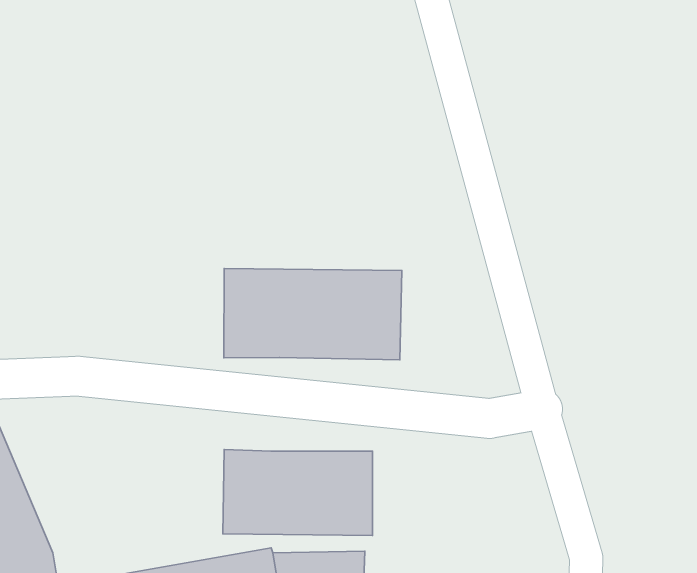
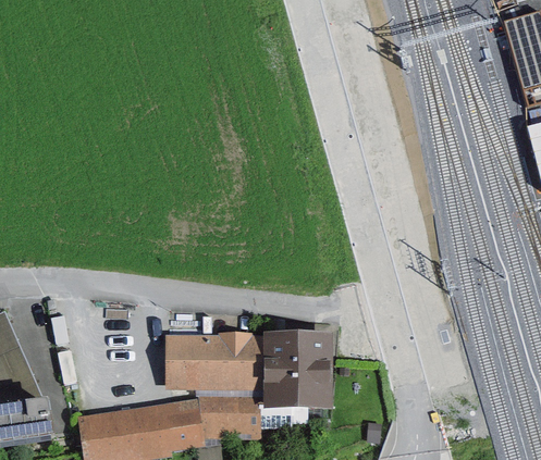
building: [224,268,402,360] -> none
building: none -> [267,332,333,409]

